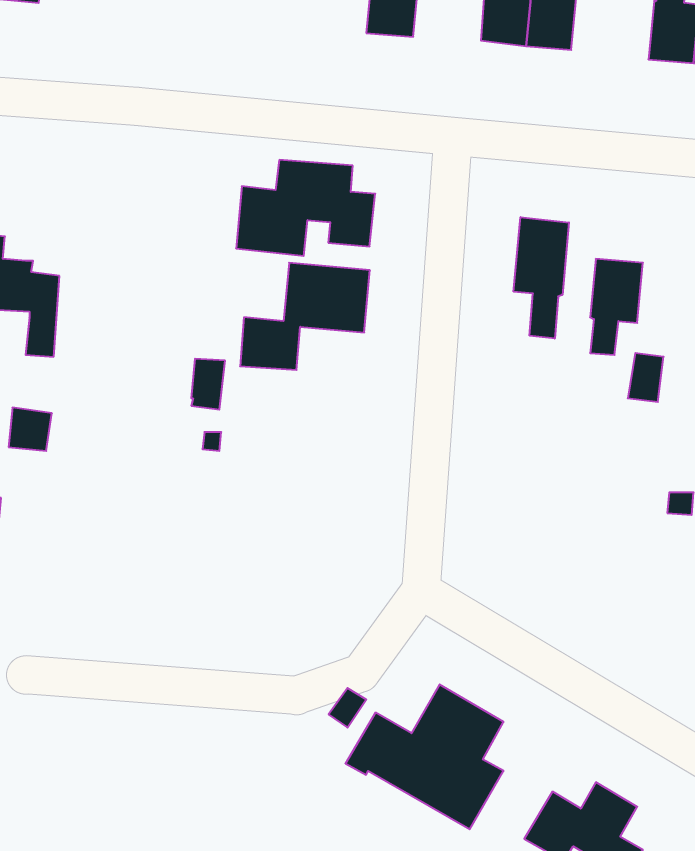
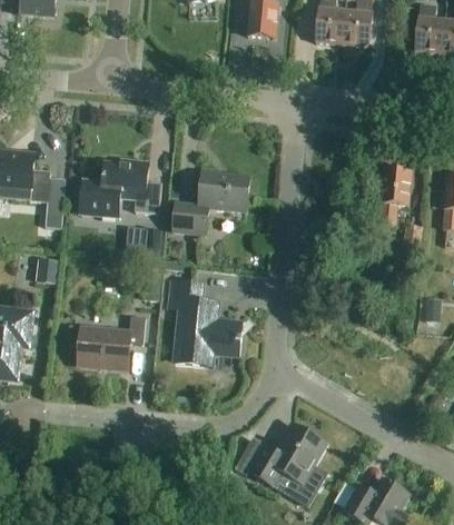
building: [236,160,375,256] -> [79,160,161,217]
building: [514,217,569,339] -> none
building: none -> [168,279,240,364]
building: none -> [78,316,144,368]

